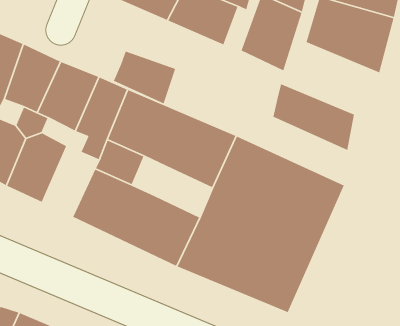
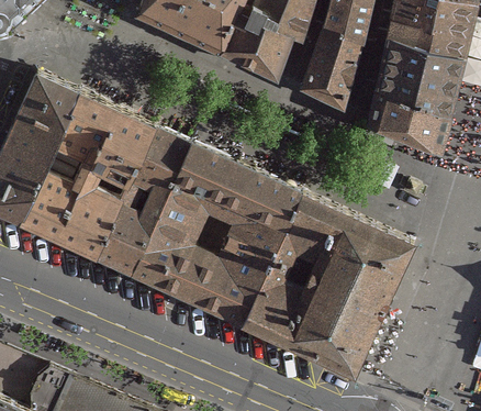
building: [113,51,176,105] -> none
building: [272,83,355,151] -> [360,85,448,157]
building: none -> [89,195,149,270]
building: none -> [209,216,270,270]

